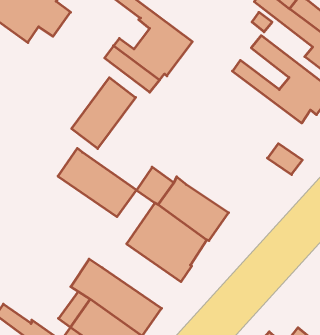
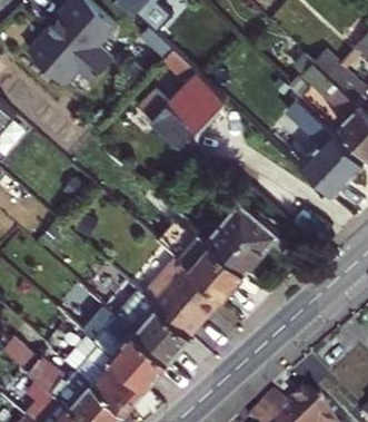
building: [72,78,136,149] -> none
building: none -> [208,202,279,273]
building: [58,148,137,217] -> [116,288,192,361]

